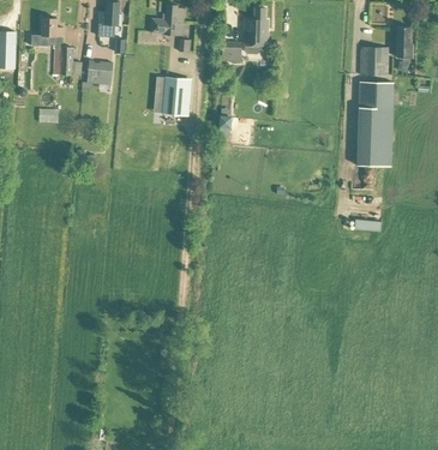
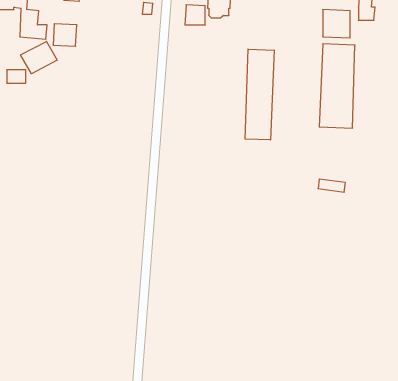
building: [162,76,188,114] -> none
building: none -> [21,41,57,74]
building: none -> [245,49,274,140]

